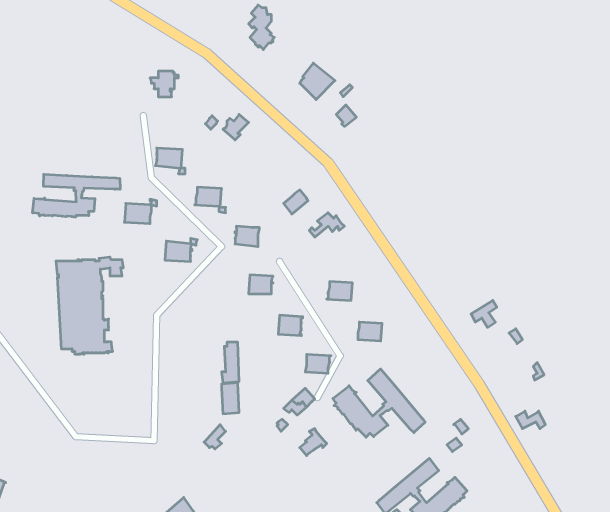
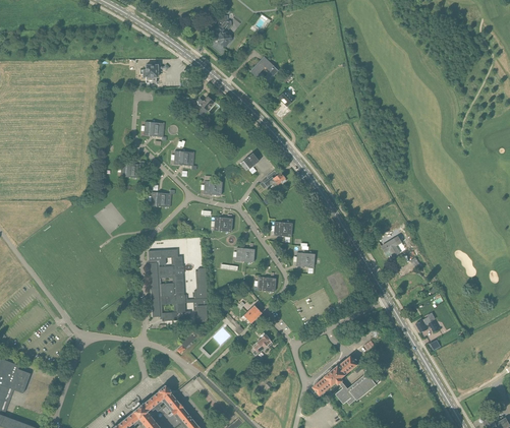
building: [33,174,120,217] -> none
building: [56,257,123,354] -> [148,247,199,320]
building: [333,369,425,437] -> none

